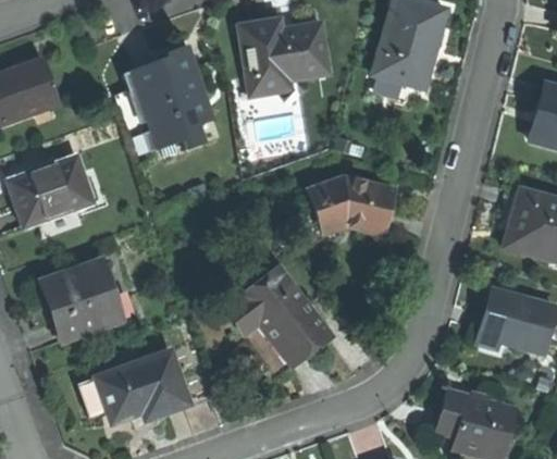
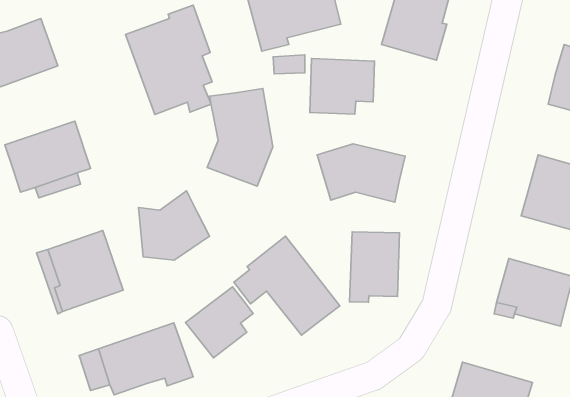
building: none -> [310,58,375,114]
building: none -> [207,88,273,186]
building: none -> [139,191,209,260]
building: none -> [350,232,400,302]
building: none -> [186,287,253,358]

